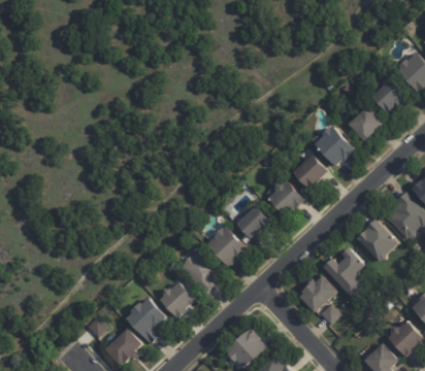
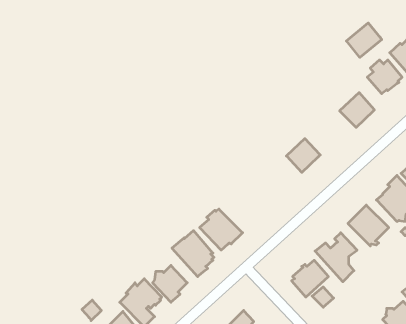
building: none -> [346,23,382,57]
building: [309,127,356,167] -> none
building: [272,176,308,214] -> none
building: [235,203,269,243] -> none

